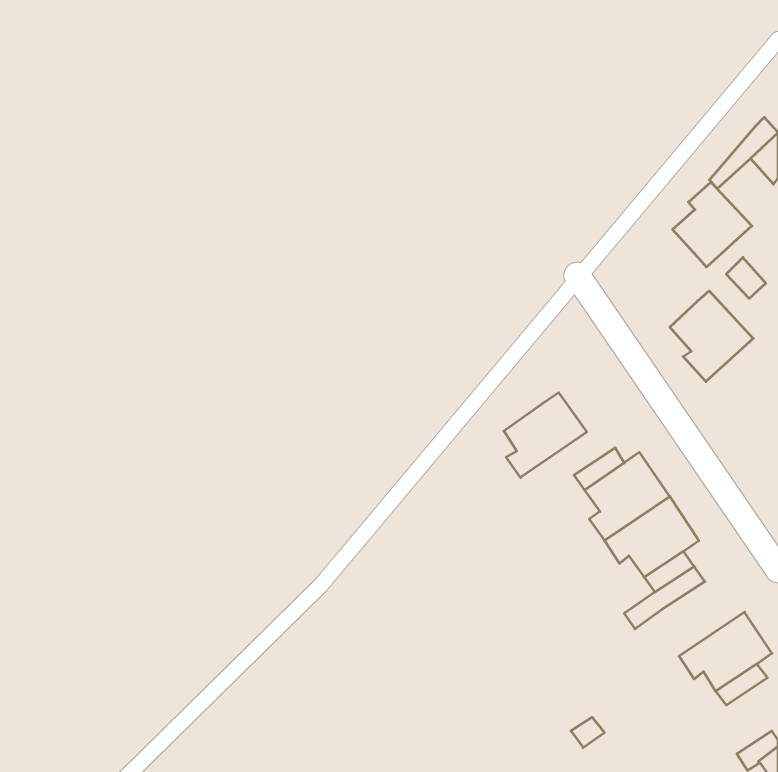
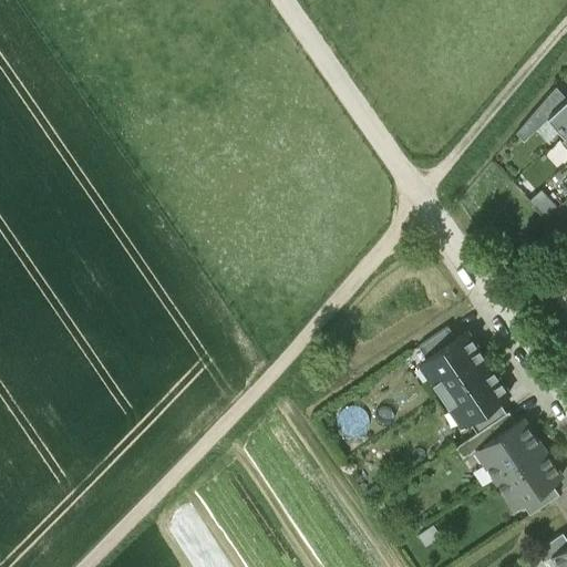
building: [673,182,752,267] -> none
building: [670,291,753,382] -> none
building: [504,393,587,478] -> none
building: none -> [482,421,542,482]

